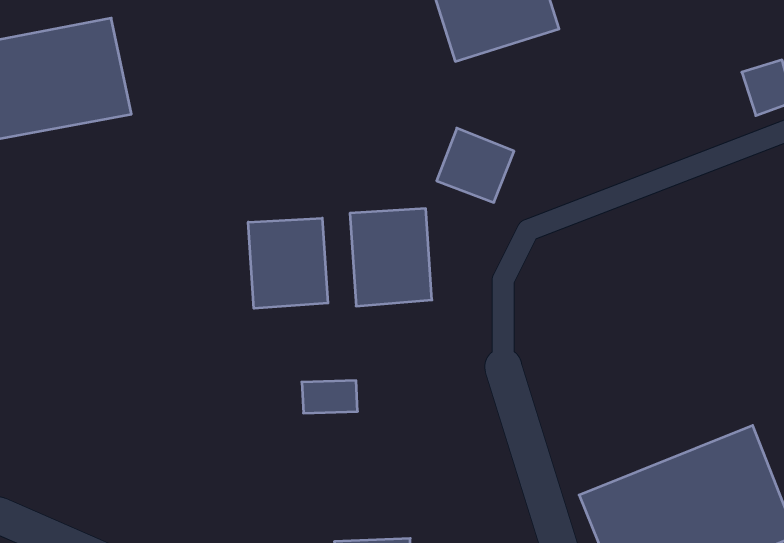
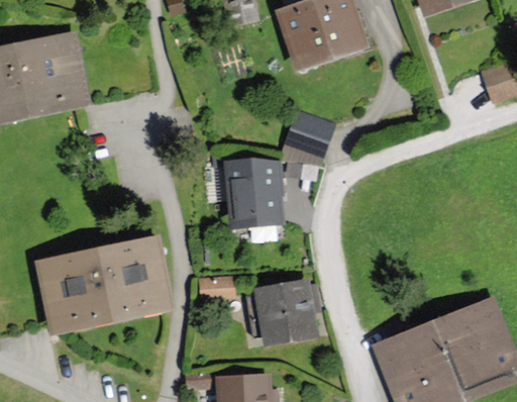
building: [248,218,328,308] -> none
building: none -> [38,240,167,332]
building: none -> [256,282,315,344]

